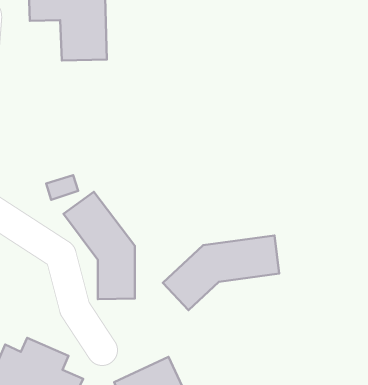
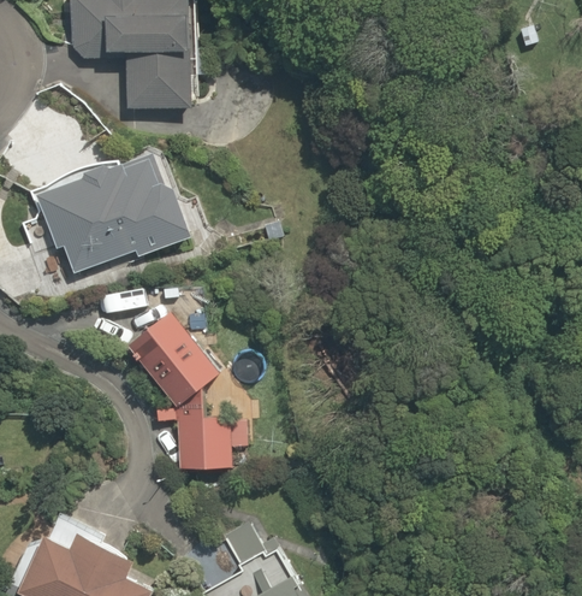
building: none -> [38,152,185,282]
building: [163,236,279,310] -> none

